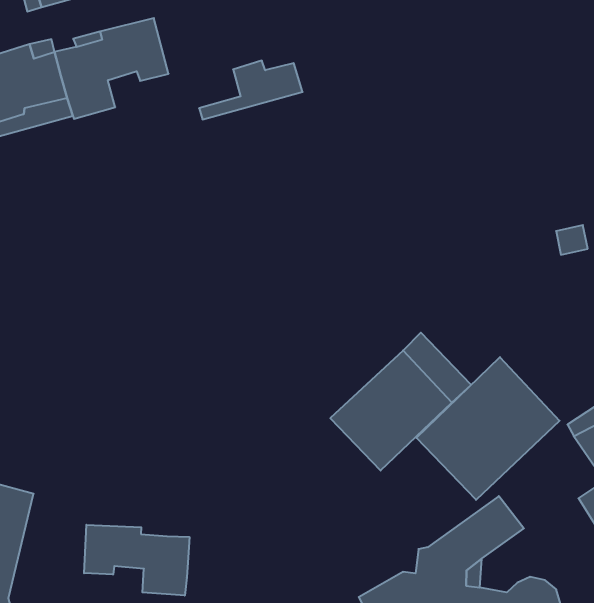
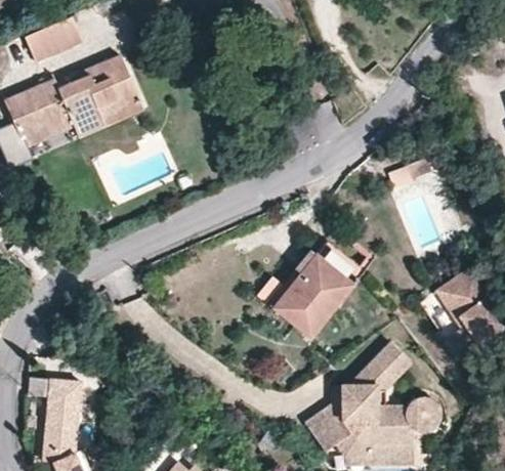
building: [199,61,303,119] -> [77,91,144,136]
building: [416,357,560,500] -> none
building: [84,525,189,596] -> none

